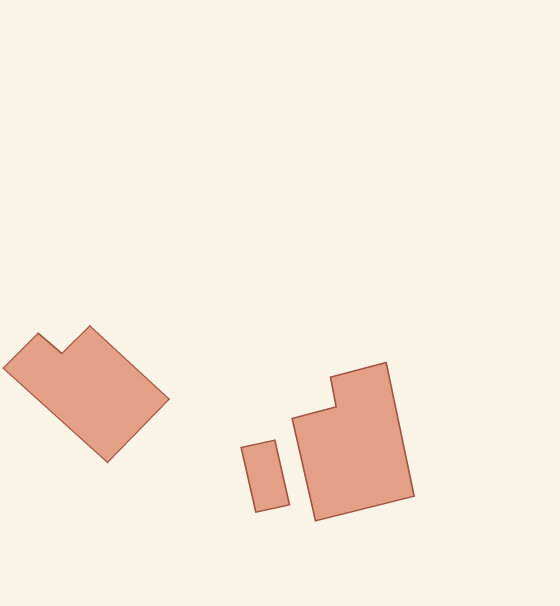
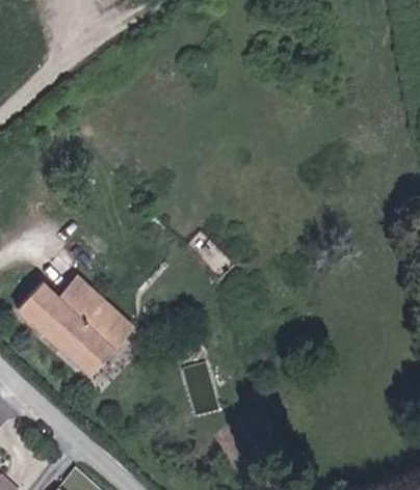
building: [292,363,414,521] -> none

